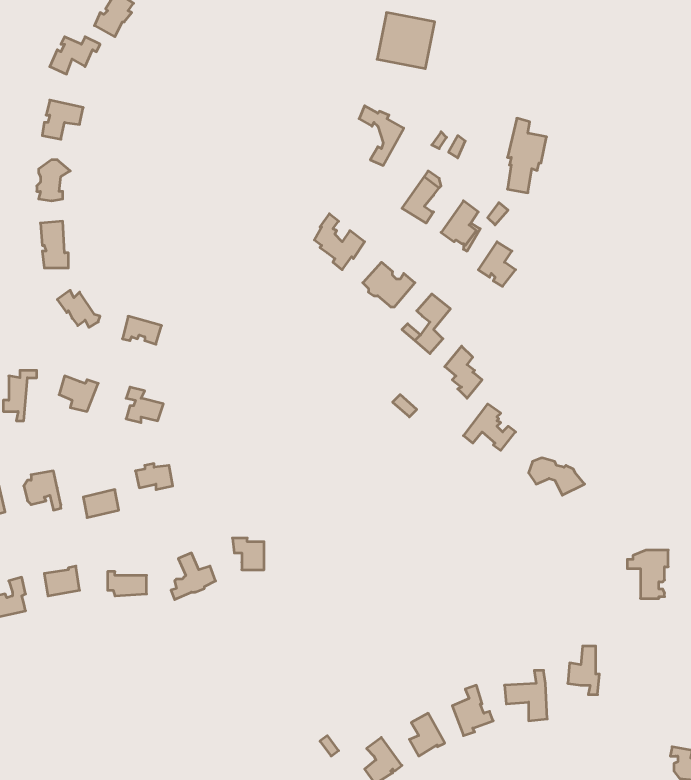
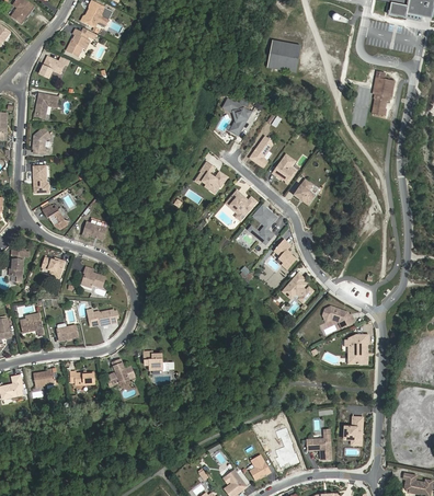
building: [377,13,435,69] -> [267,42,301,74]
building: [507,118,547,193] -> [375,71,398,115]
building: [627,550,668,598] -> [344,333,368,361]

